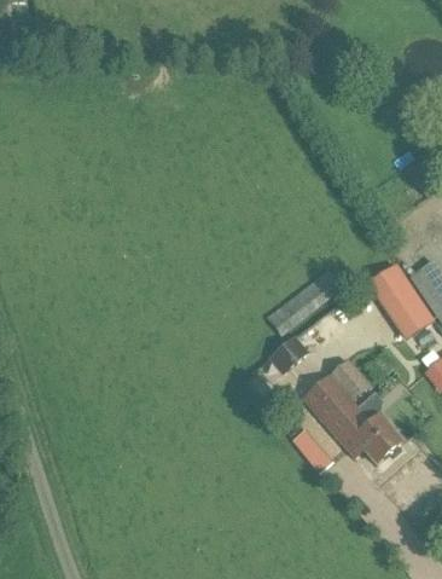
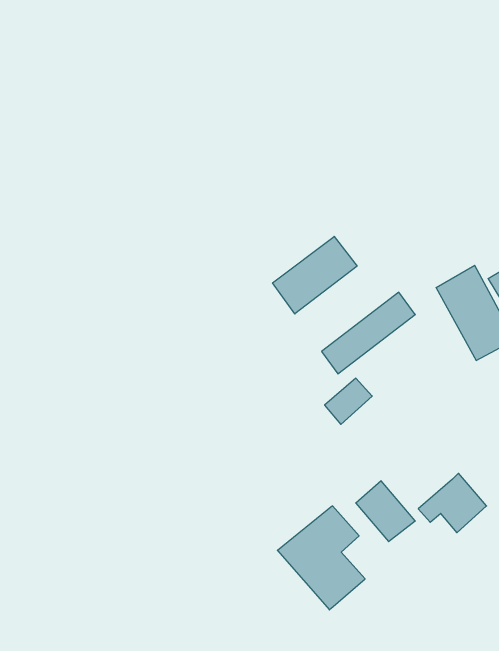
building: none -> [273,236,357,314]
building: [302,363,373,447] -> [277,506,365,610]

